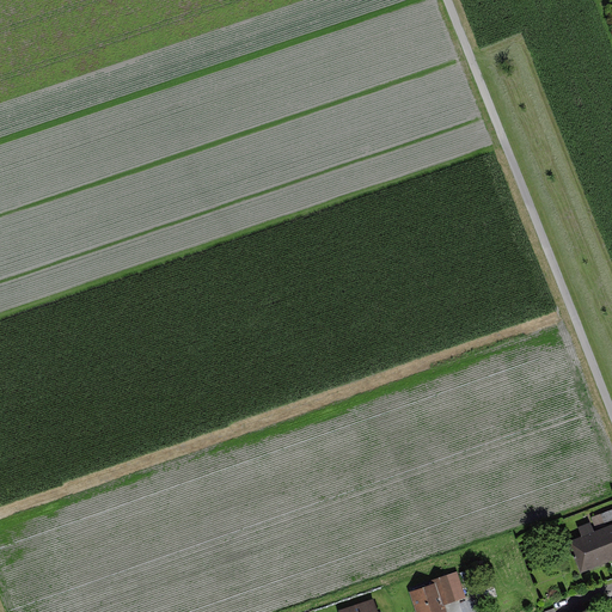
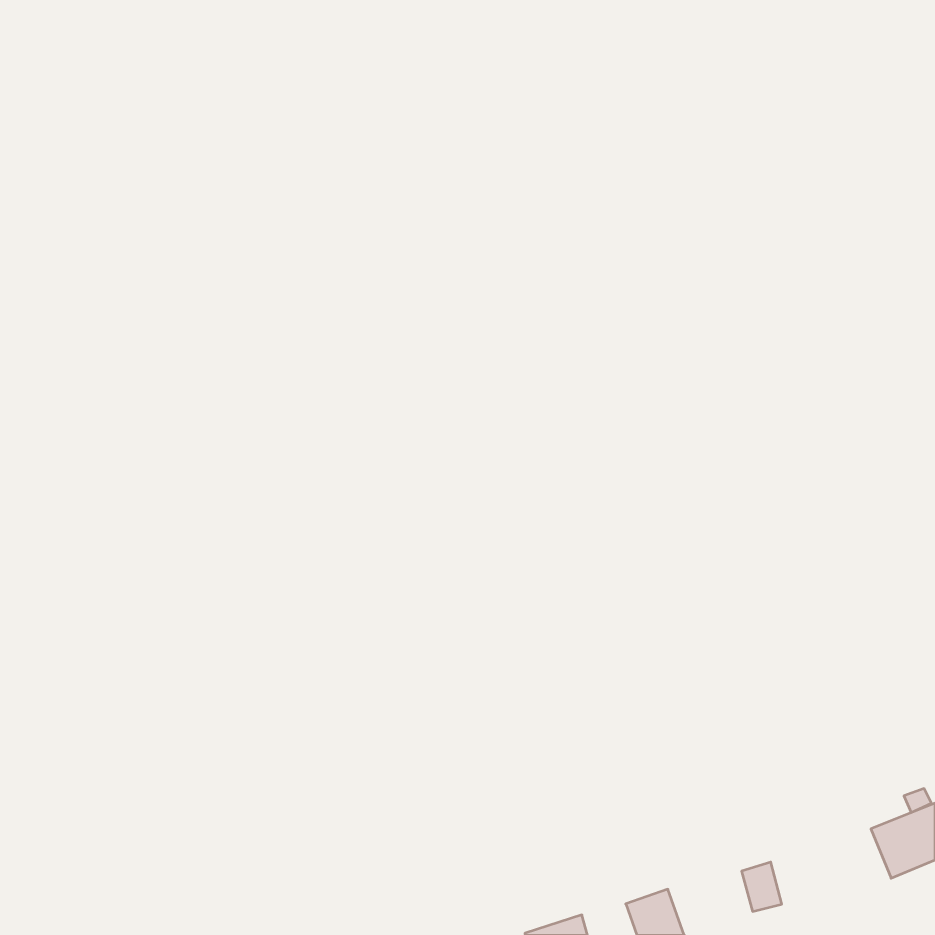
building: [441,570,467,602] -> [742,862,782,911]

